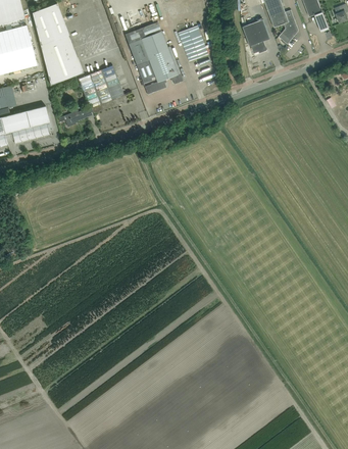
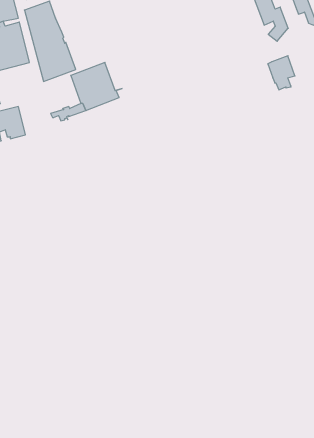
building: [243,18,270,53] -> [268,56,295,90]
building: [125,21,184,94] -> none
building: [179,26,208,61] -> none
building: [26,105,50,139] -> none

